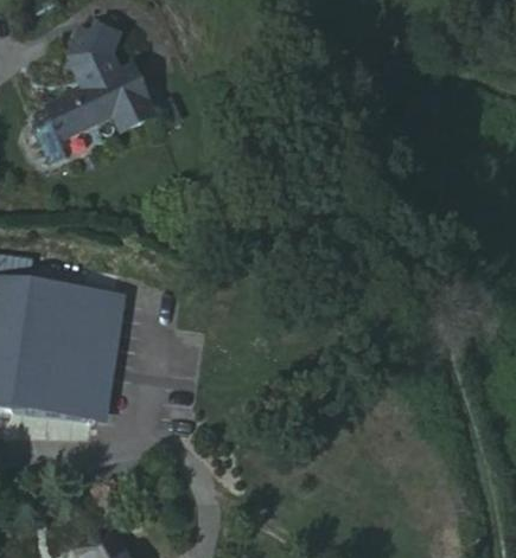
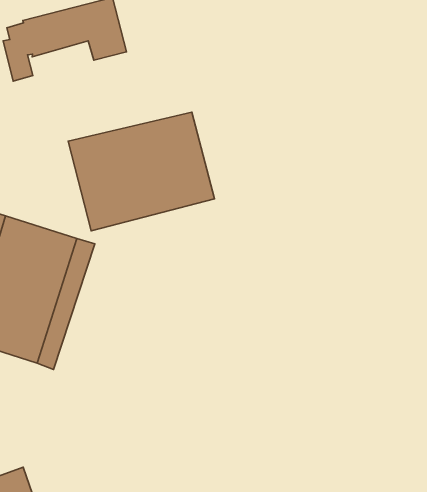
building: none -> [68,112,215,231]

